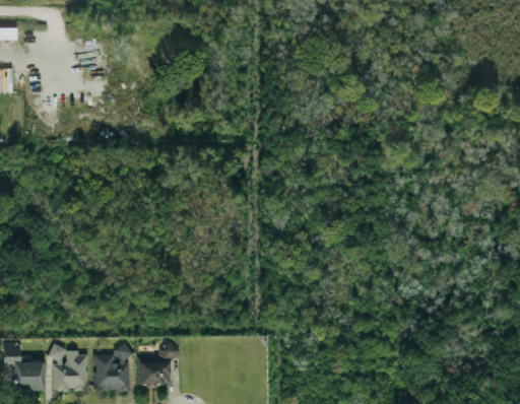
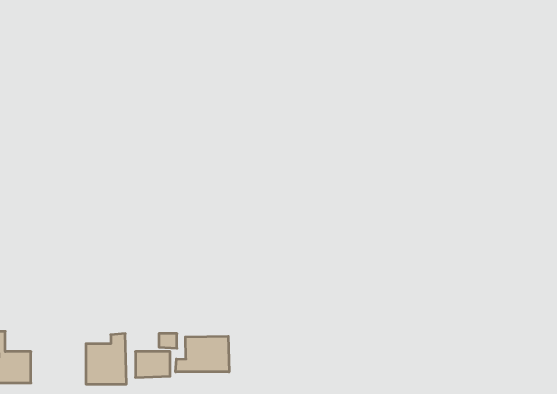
building: [50,347,87,392] -> none
building: none -> [176,336,229,372]

